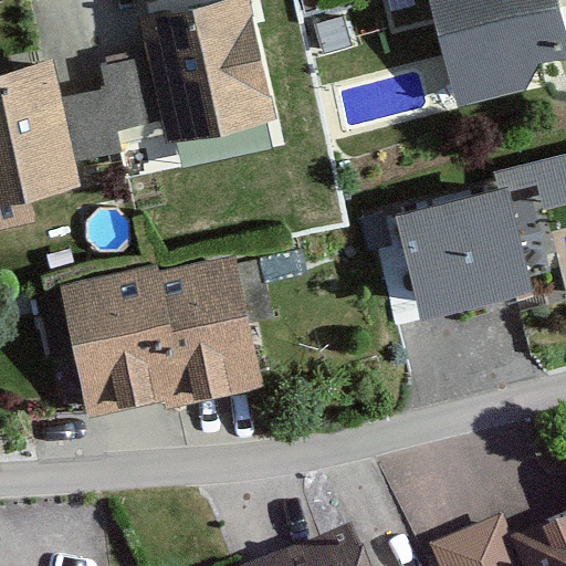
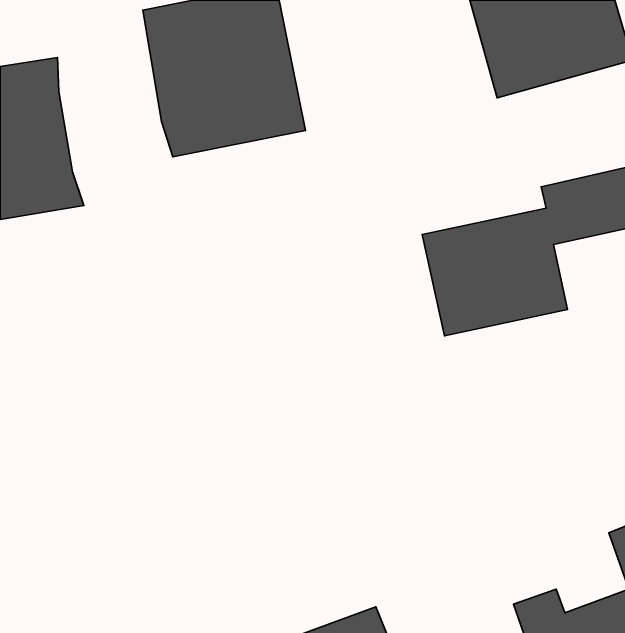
building: [65,54,156,158] -> none
building: [62,254,261,415] -> none

